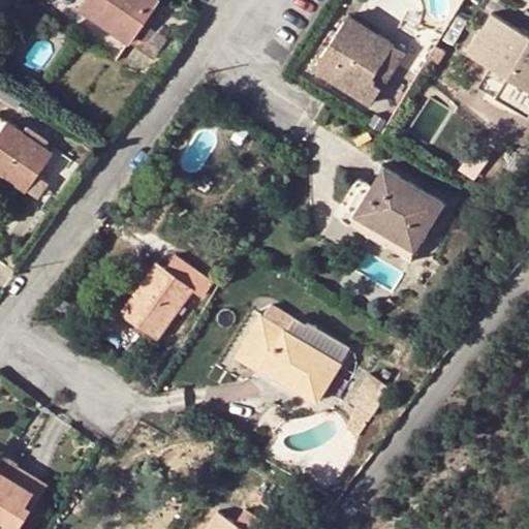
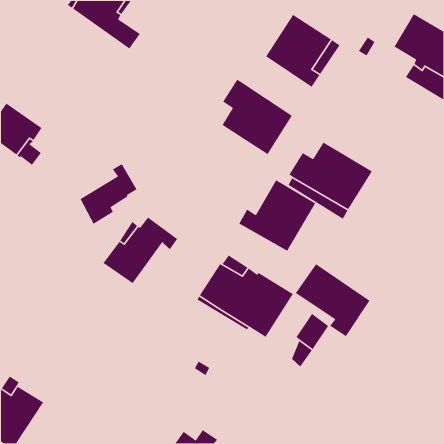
building: none -> [221,79,293,155]
building: none -> [79,163,137,225]
building: none -> [238,179,316,252]
building: none -> [295,263,370,337]

